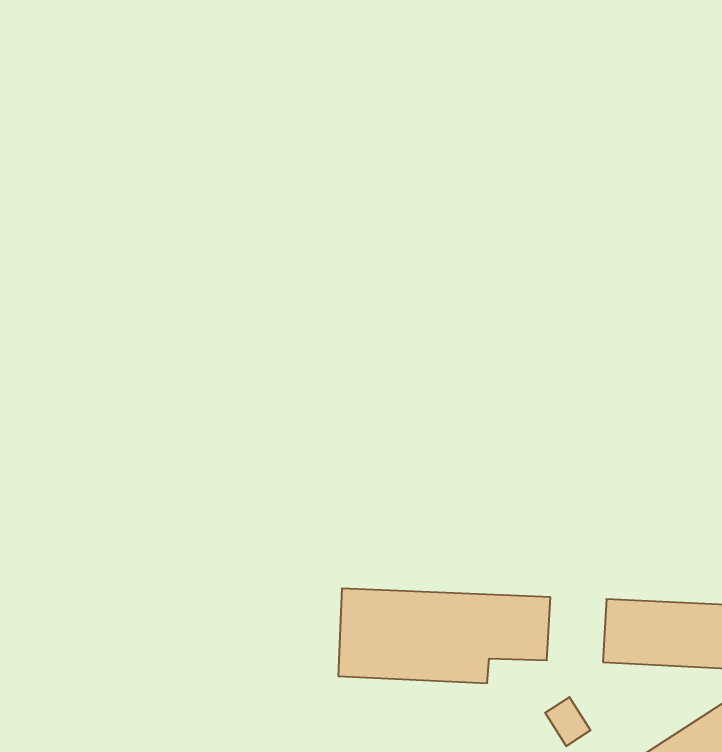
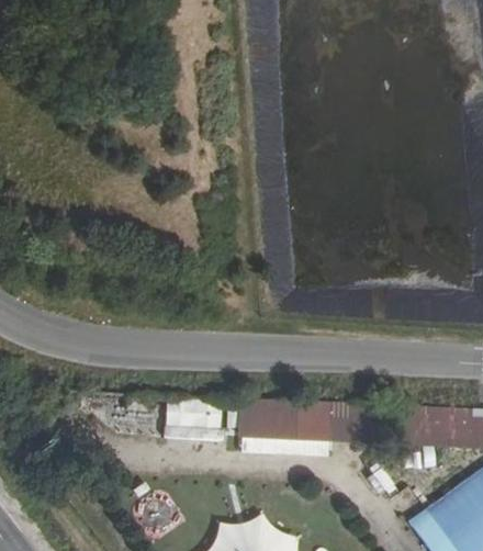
building: none -> [164,400,222,439]

